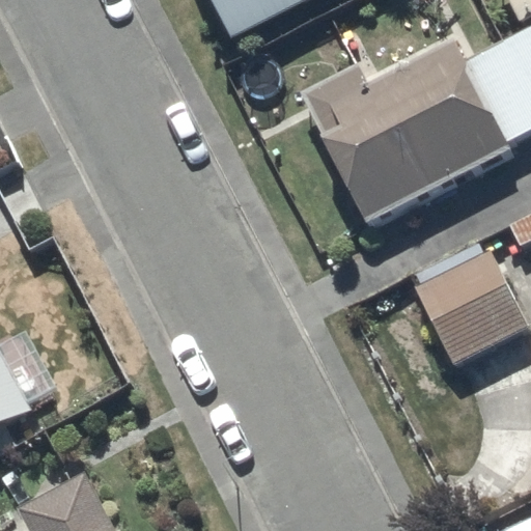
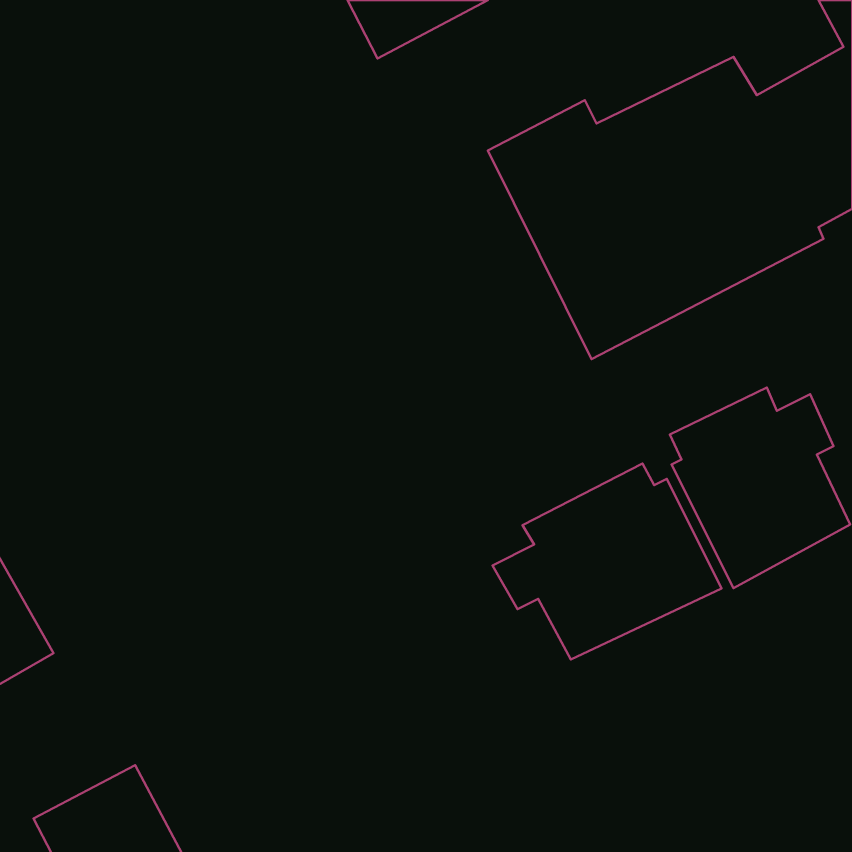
building: none -> [492,464,722,660]

